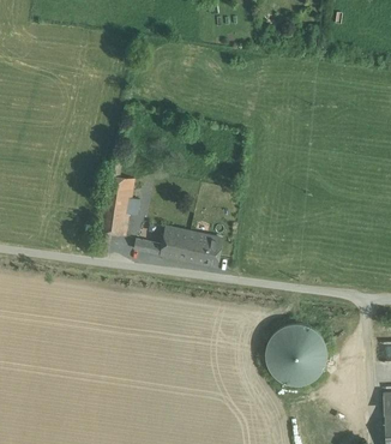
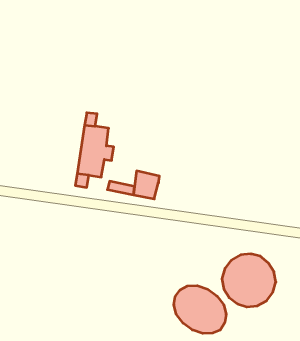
building: [187,234,221,266] -> none
building: none -> [174,286,226,333]

